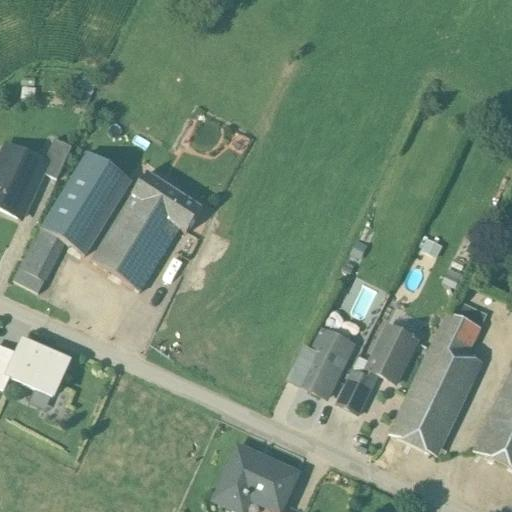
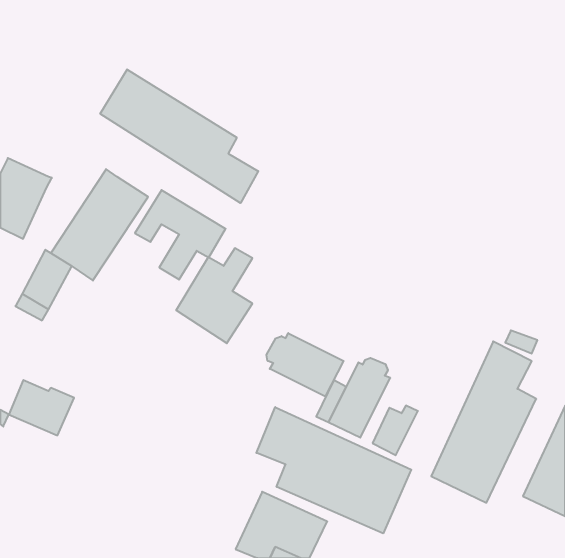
building: none -> [100,69,258,203]
building: [42,137,72,177] -> none
building: [93,203,162,289] -> [176,248,252,343]
building: none -> [267,333,344,397]
building: [367,324,417,381] -> none
building: none -> [256,407,411,533]

